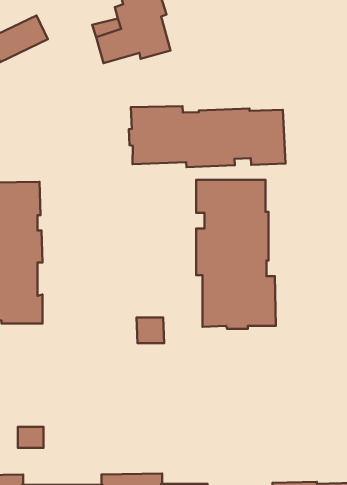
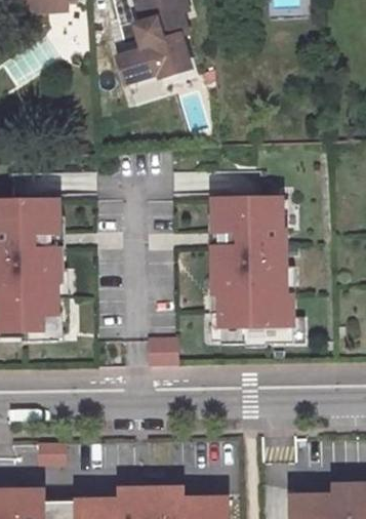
building: [129,106,285,167] -> none

